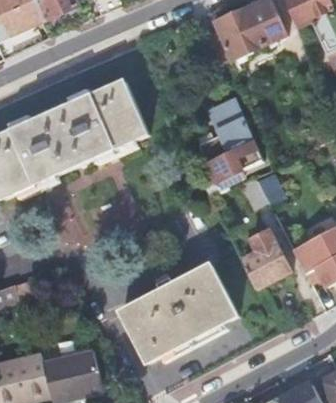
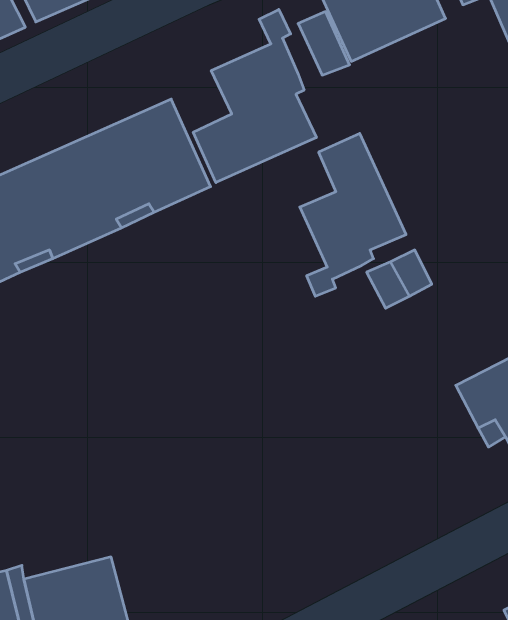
building: none -> [193,9,316,183]
building: [242,228,291,287] -> none
building: [122,263,239,361] -> none

